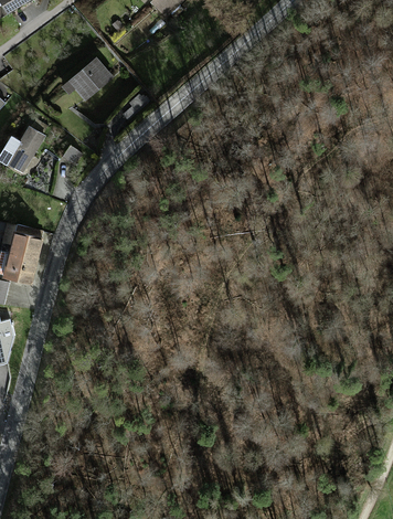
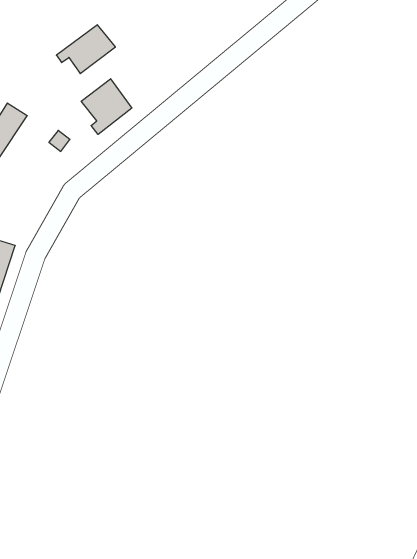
building: none -> [81,79,132,134]

